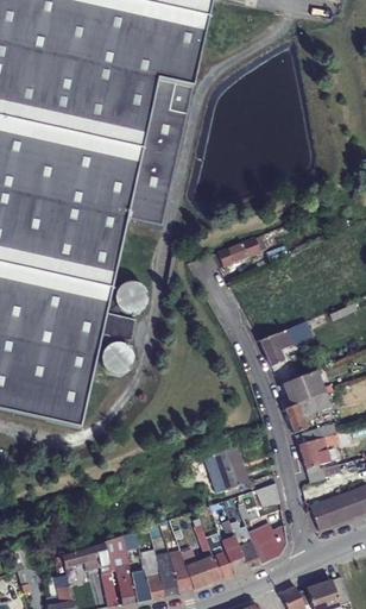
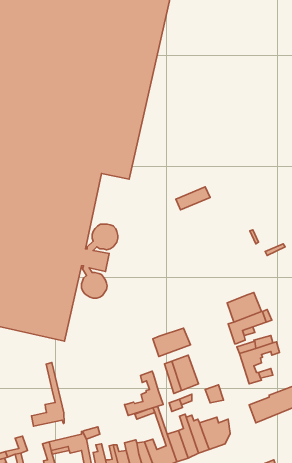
building: [260,327,301,365] -> none
building: none -> [153,328,190,356]
building: none -> [31,362,64,426]
building: none -> [125,371,163,416]

